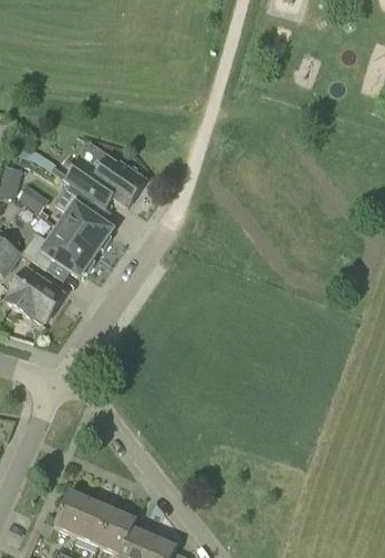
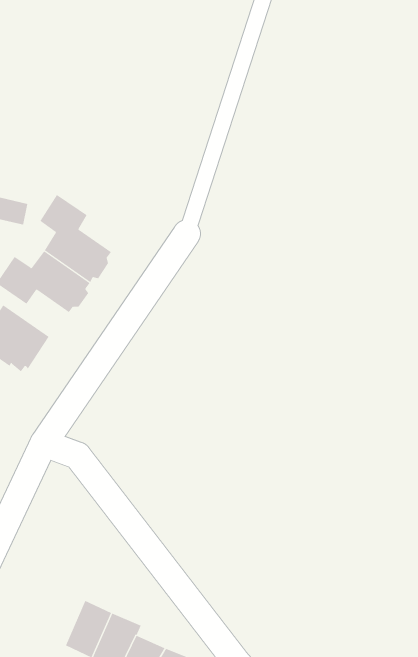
building: [65,156,146,206] -> none
building: [53,491,92,535] -> none

